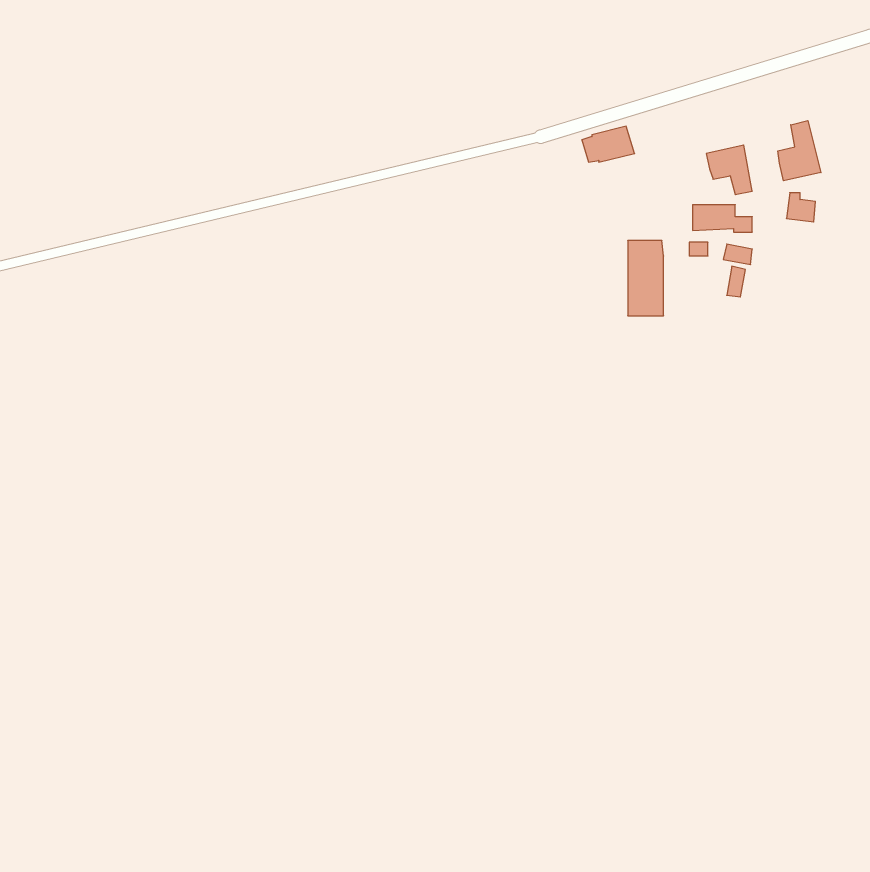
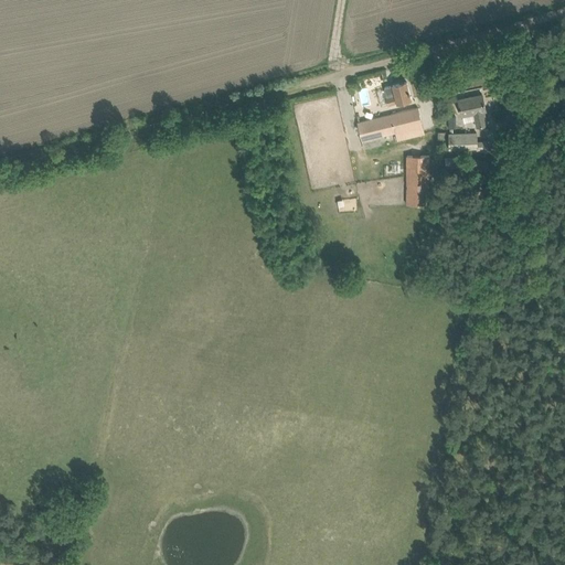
building: [778,121,821,181] -> none
building: none -> [356,108,424,140]

